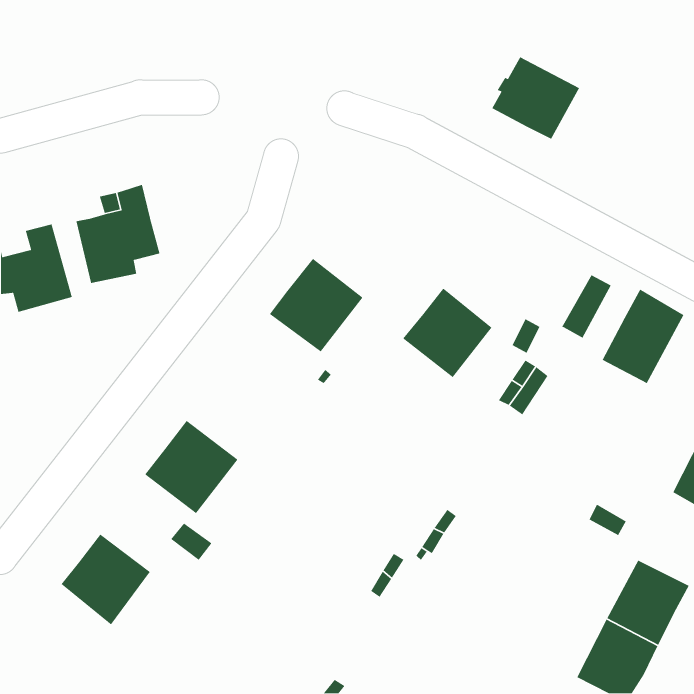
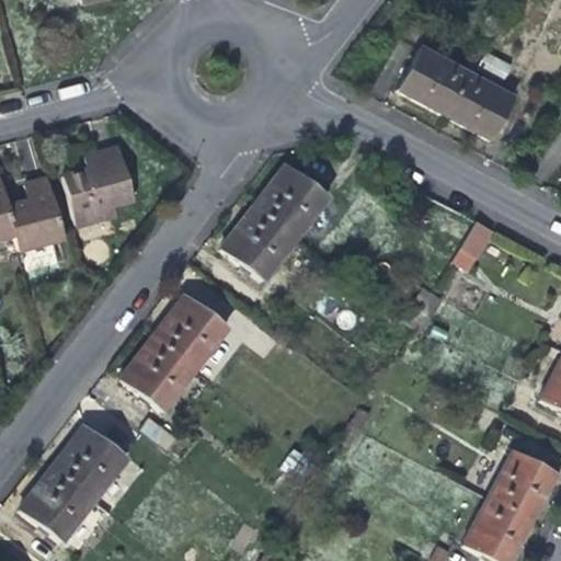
building: none -> [446,70,515,137]
building: [402,288,493,378] -> [255,165,328,238]
building: [602,289,685,384] -> none
building: none -> [154,296,227,367]
building: none -> [21,467,94,543]

